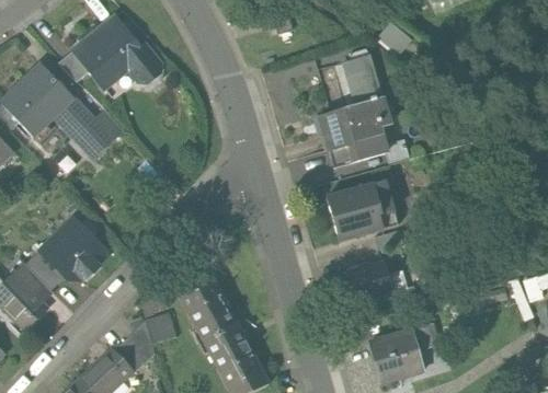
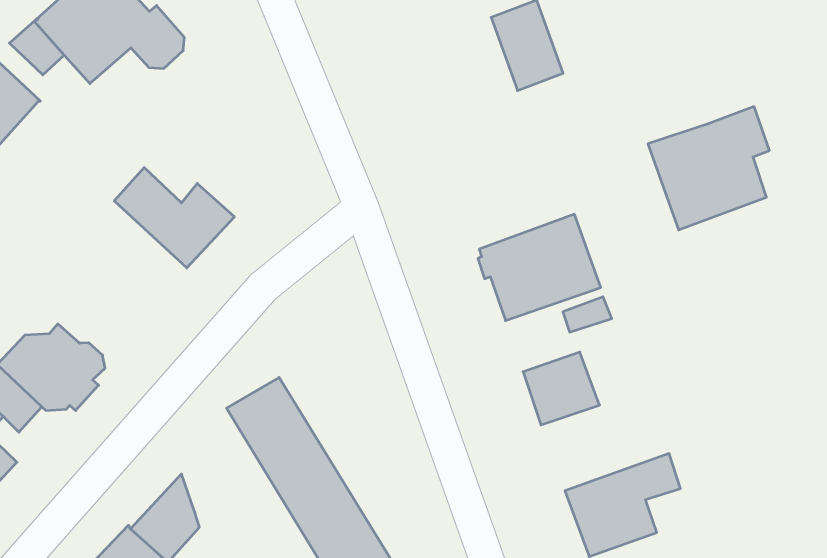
building: [54,97,124,158] -> [114,168,234,268]
building: [318,97,389,167] -> [648,107,769,230]
building: [144,311,178,344] -> none

